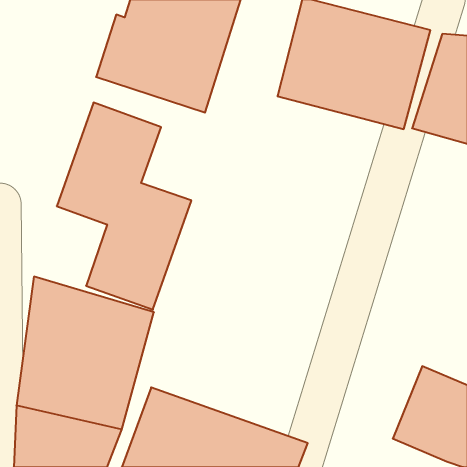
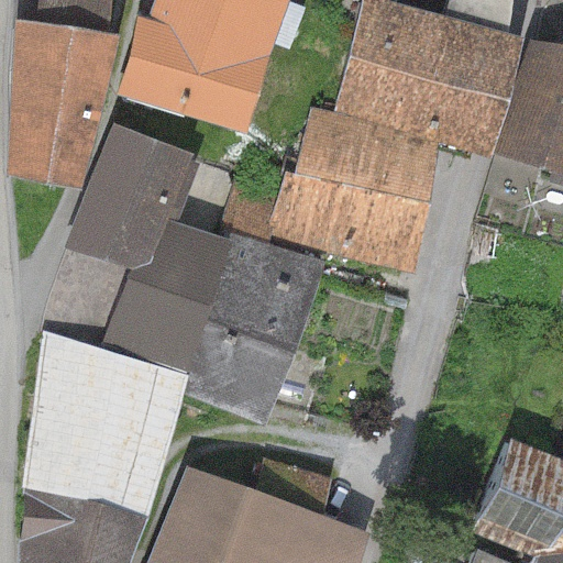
building: none -> [8,20,121,189]
building: none -> [271,108,443,275]
building: none -> [183,232,324,424]

